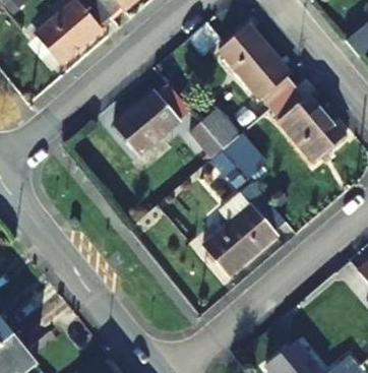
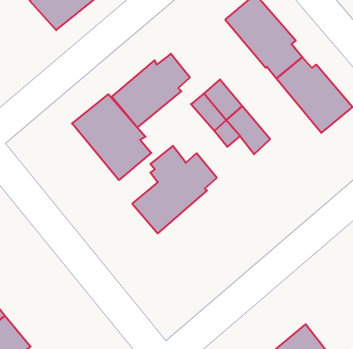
building: none -> [72,94,151,180]
building: [204,191,285,274] -> [132,146,217,233]

